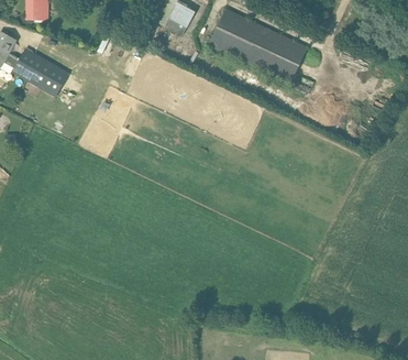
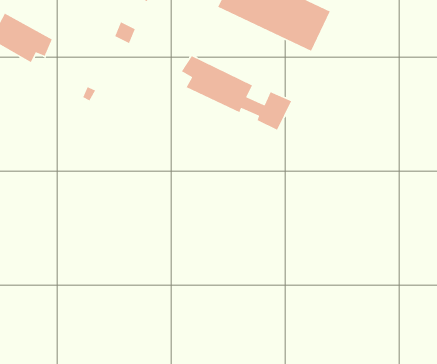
building: none -> [181,55,292,131]

